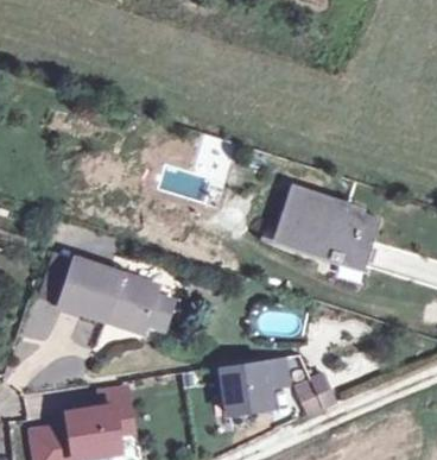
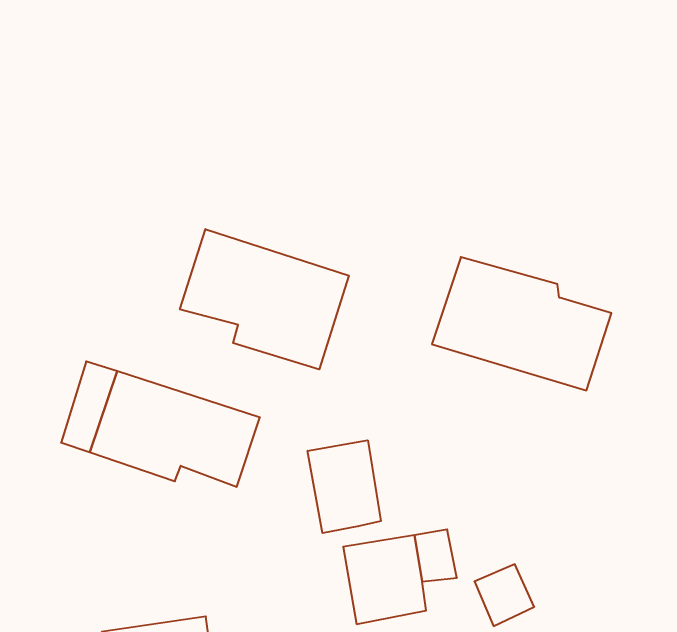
building: none -> [180,229,349,369]
building: none -> [308,440,381,533]

